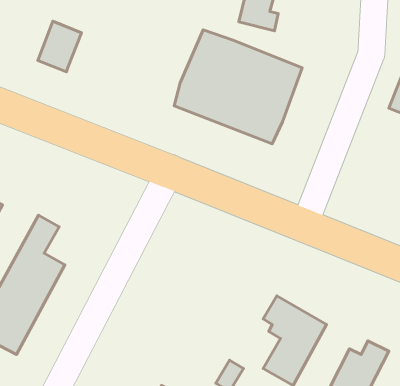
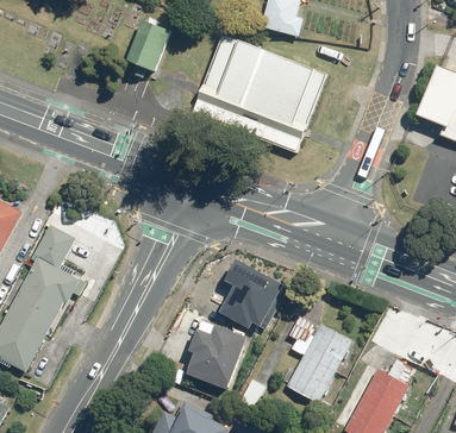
building: [38,21,82,72] -> [124,19,169,71]
building: none -> [217,259,282,327]
building: none -> [187,319,245,389]

